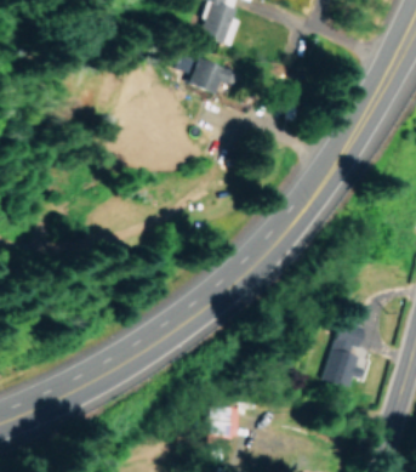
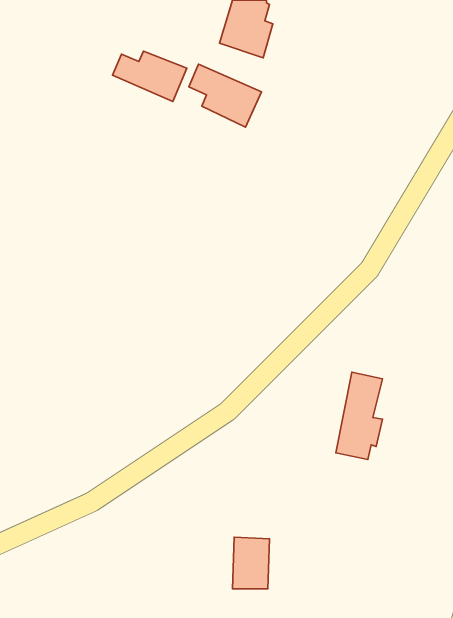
building: none -> [112,51,187,101]
building: [327,322,363,387] -> [336,372,382,459]

